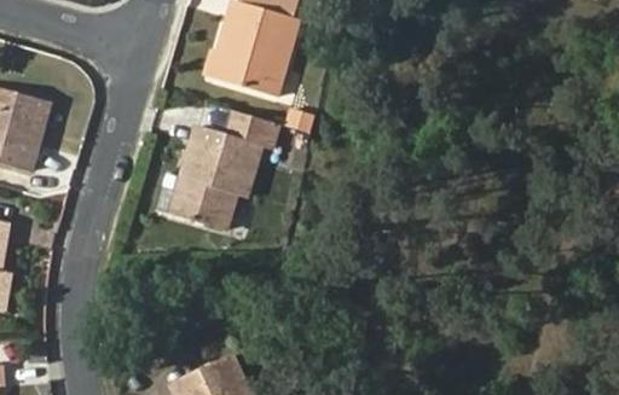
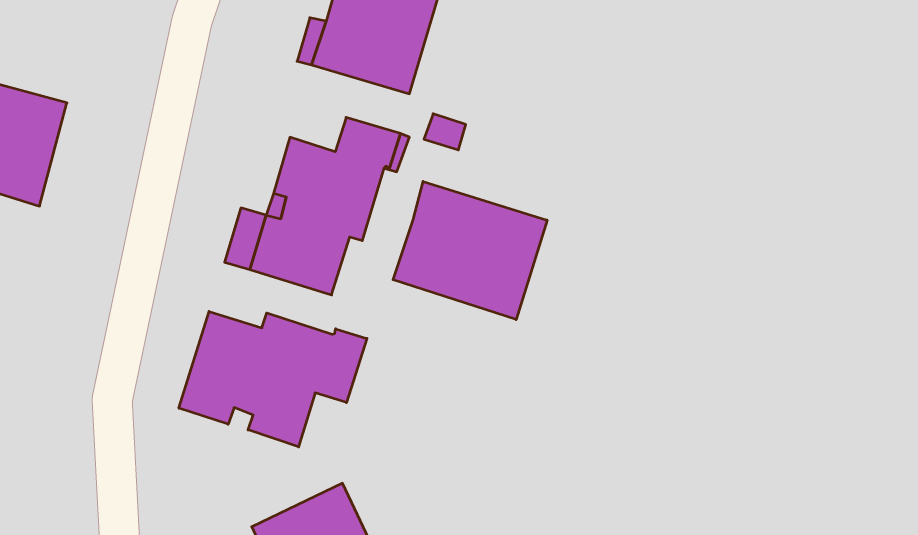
building: none -> [393,181,547,320]
building: none -> [179,311,367,447]

